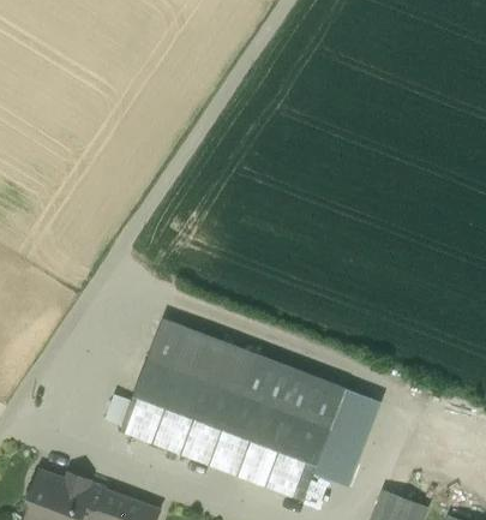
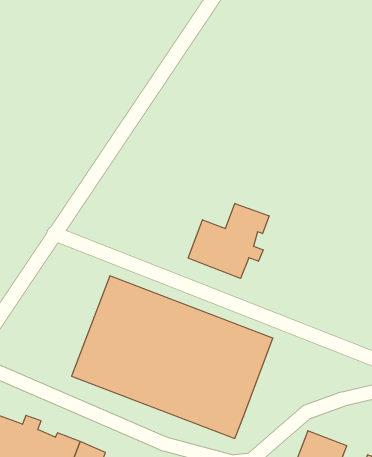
building: none -> [188,203,269,278]
building: [312,388,382,488] -> none

